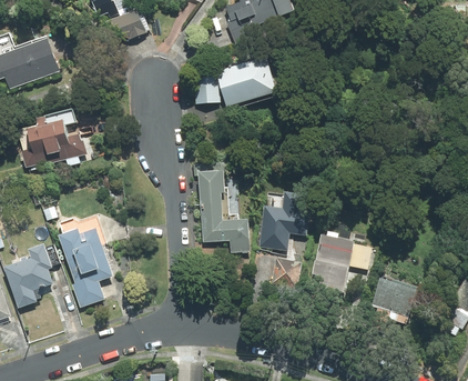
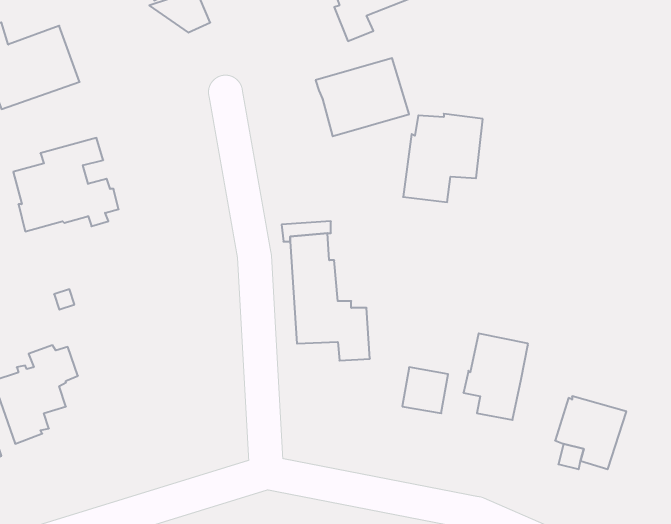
building: [195,76,221,103] -> none
building: [258,191,311,249] -> [403,114,483,202]
building: [60,214,114,305] -> none
building: [349,242,373,269] -> none

